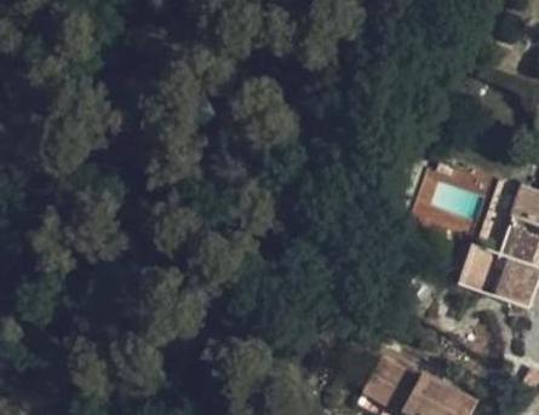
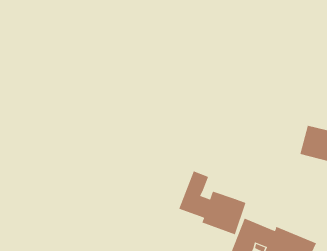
building: none -> [178,171,246,235]

